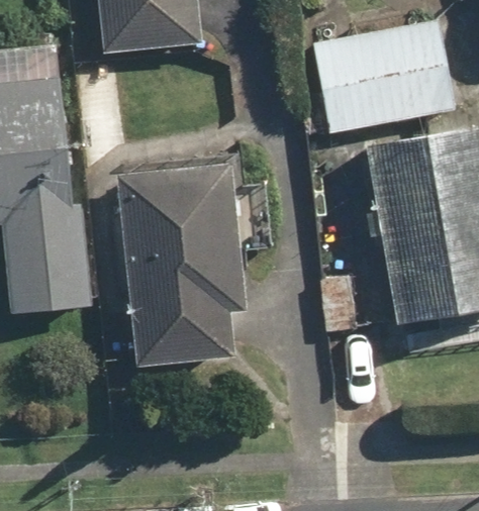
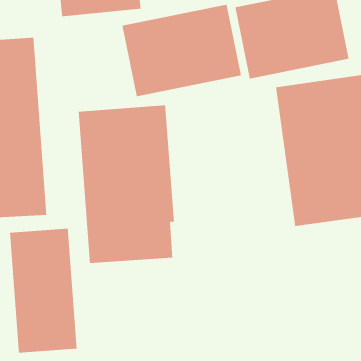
building: none -> [122,4,242,97]
building: none -> [9,228,77,354]

